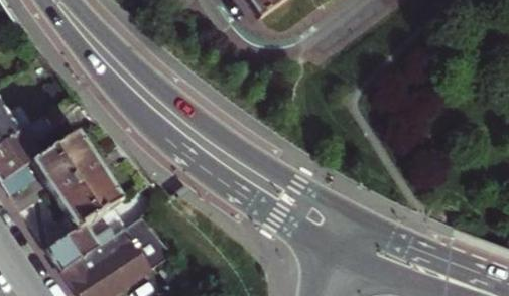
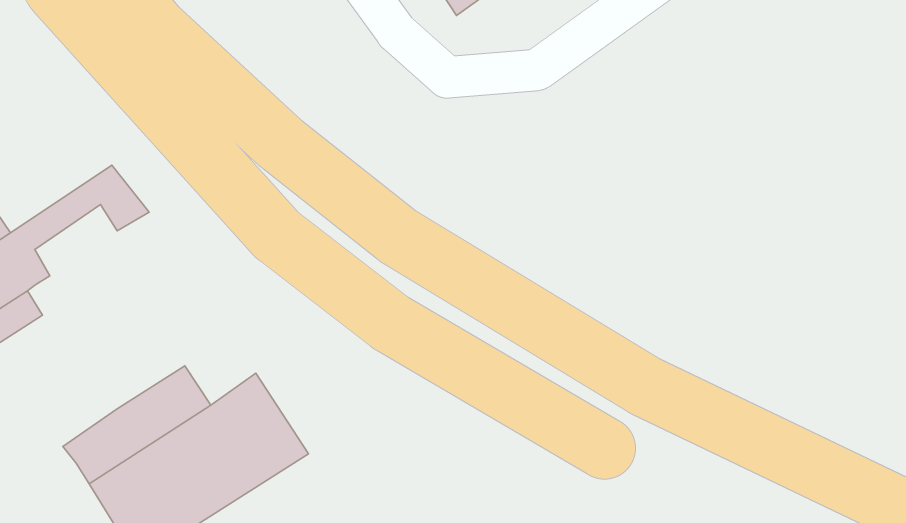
building: [32,128,122,224] -> none

